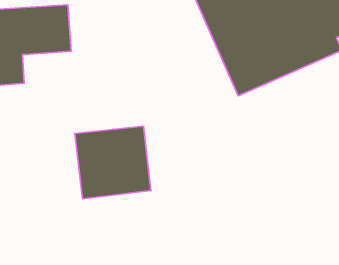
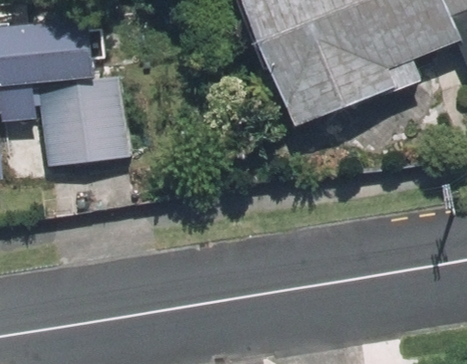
building: [75,126,151,199] -> [39,78,131,166]

